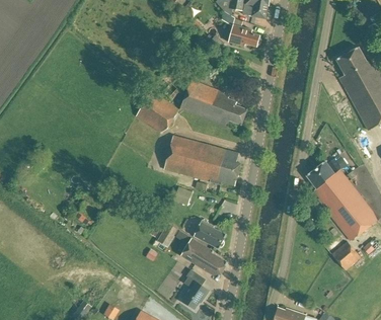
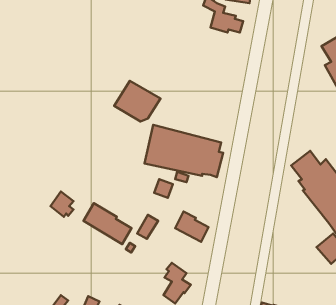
building: [179,79,246,127] -> none
building: [180,237,227,276] -> [83,203,132,244]

